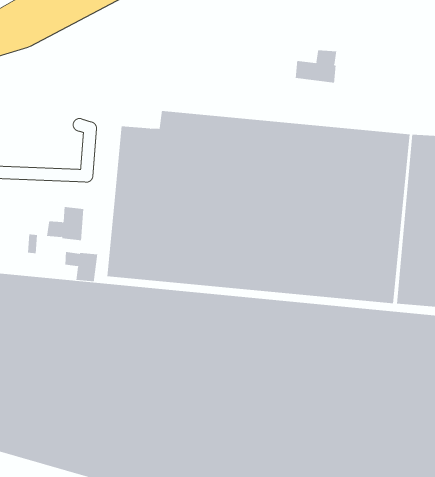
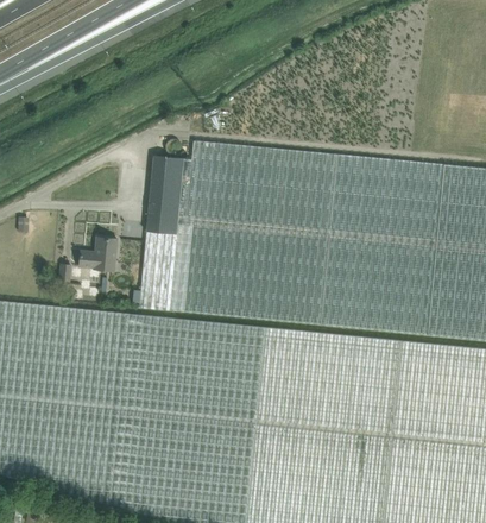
building: [295,49,337,84] -> none
building: [65,251,98,282] -> none

